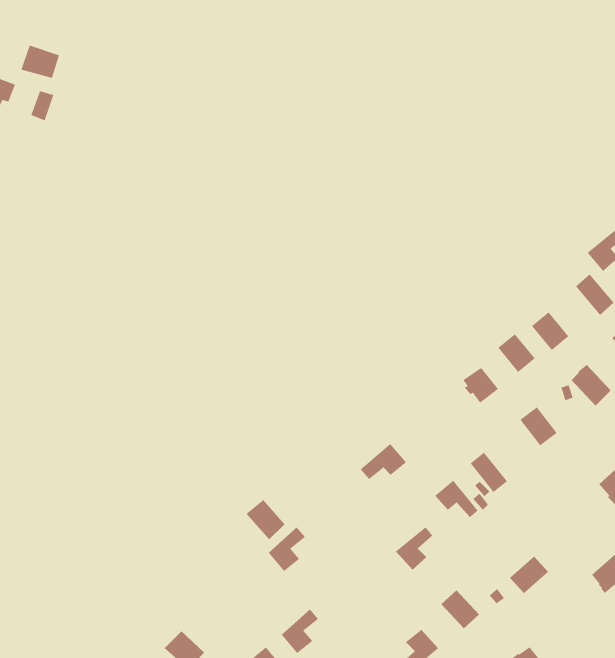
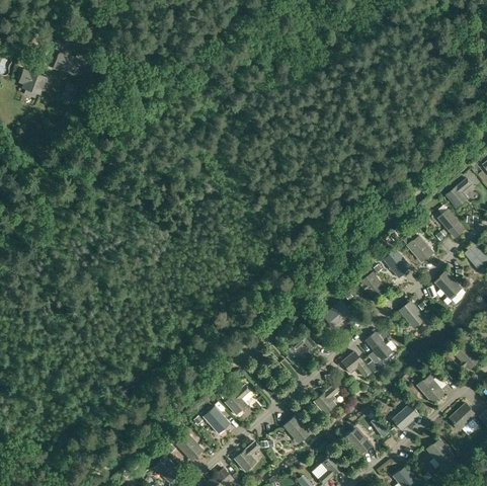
building: none -> [322,302,351,330]
building: [246,499,285,540] -> [202,406,230,434]
building: none -> [416,375,444,404]
building: none -> [282,415,310,443]
building: none -> [175,433,202,462]
building: none -> [425,439,454,468]

